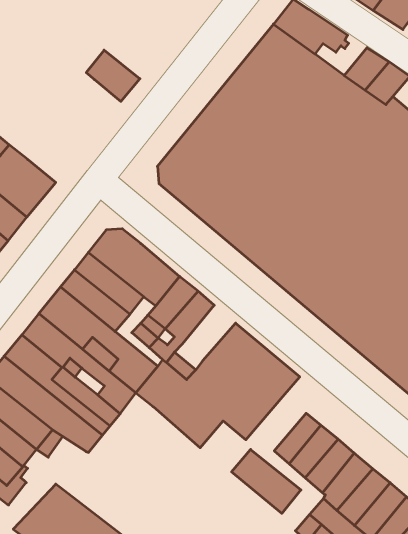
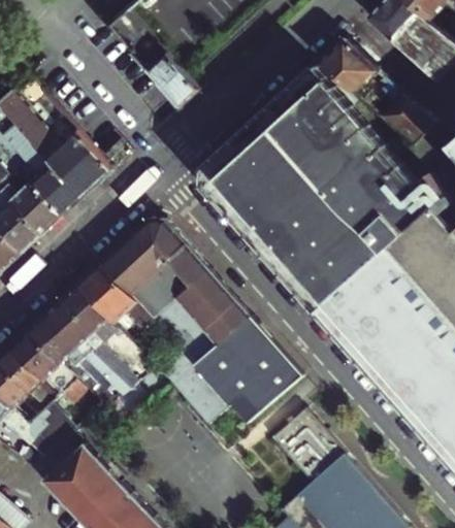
building: none -> [203,300,253,348]
building: [232,449,301,513] -> none

